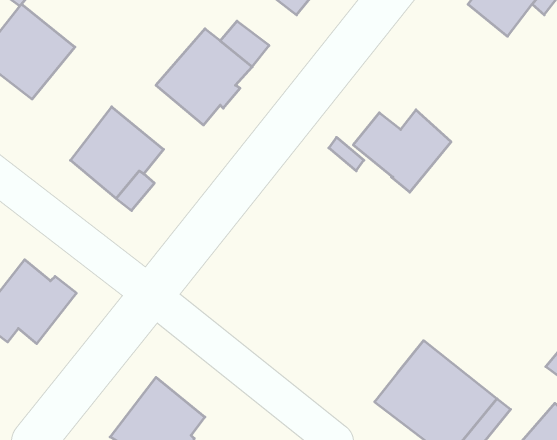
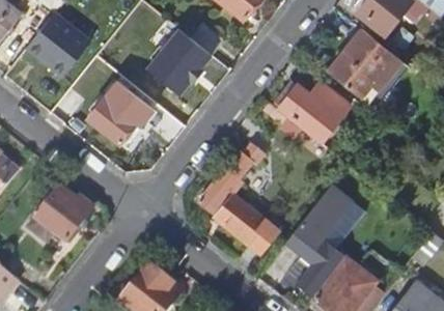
building: none -> [328,29,393,97]
building: none -> [198,143,278,254]
building: none -> [285,179,361,262]

